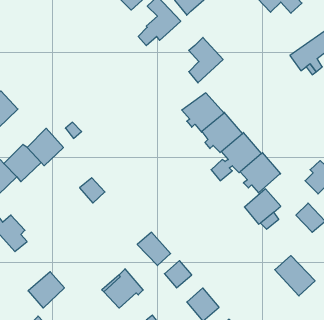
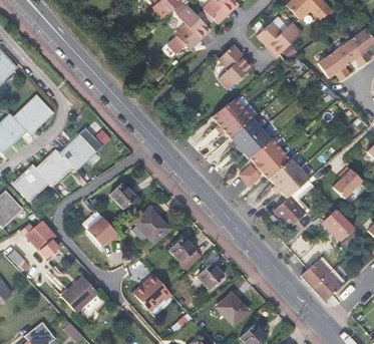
building: none -> [258,21,302,55]
building: none -> [136,209,170,247]
building: none -> [88,216,120,246]

